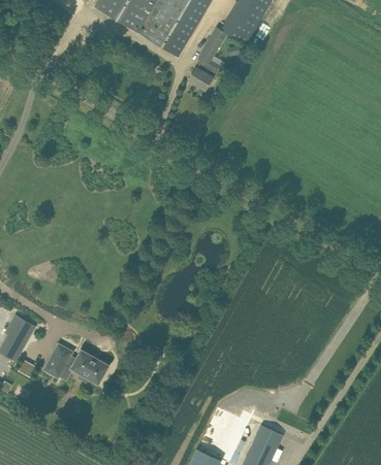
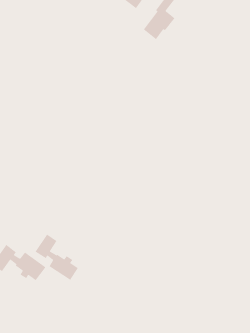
building: none -> [35,233,79,281]

